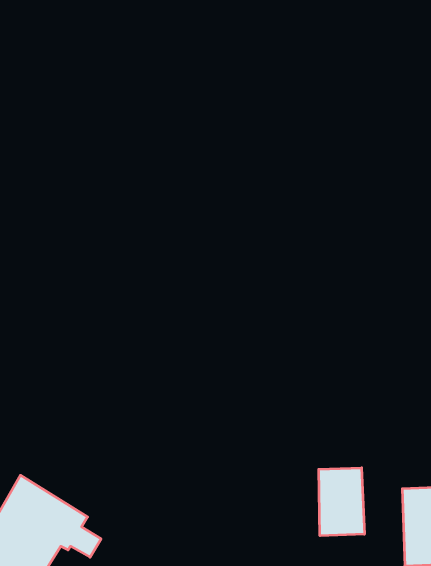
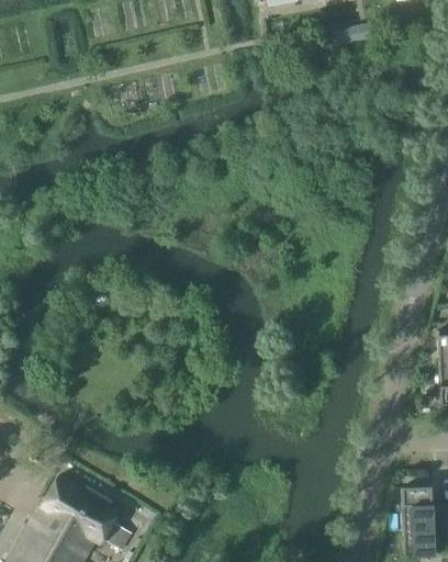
building: [319,468,364,536] -> none

